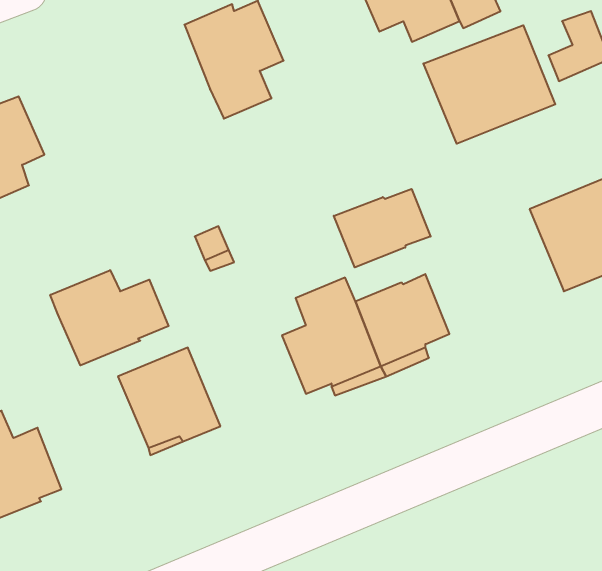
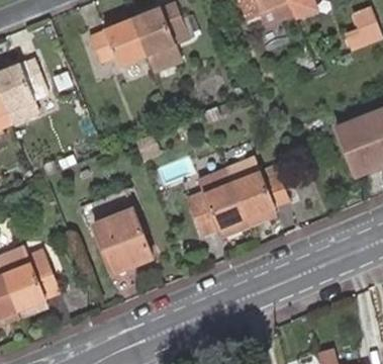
building: none -> [88,17,146,68]
building: [423,25,555,144] -> none
building: [334,189,431,267] -> none
building: [50,270,169,365] -> none

